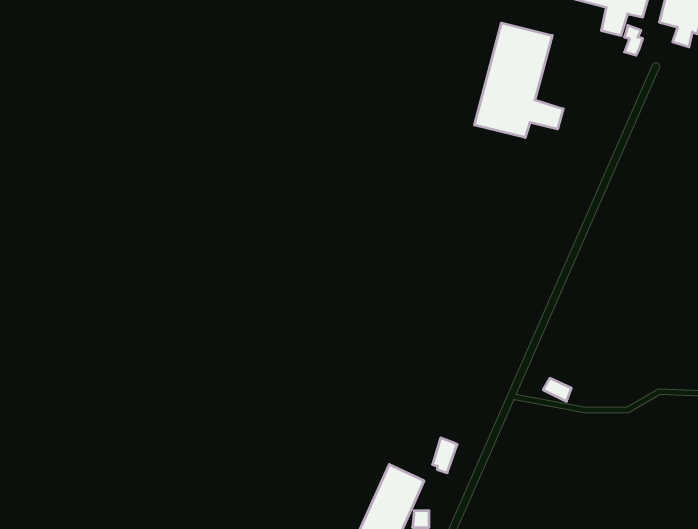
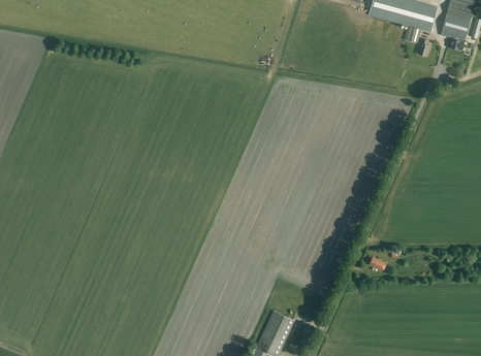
building: [474,23,563,138] -> none

